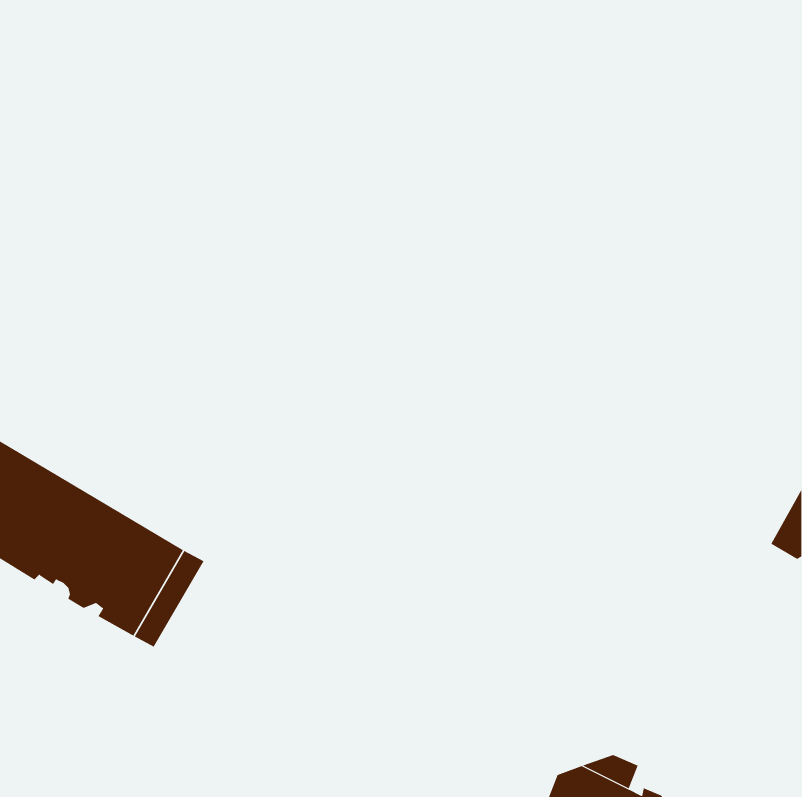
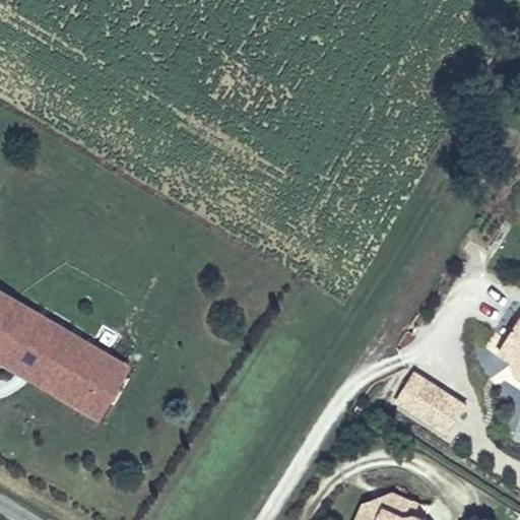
building: none -> [395,373,468,437]

